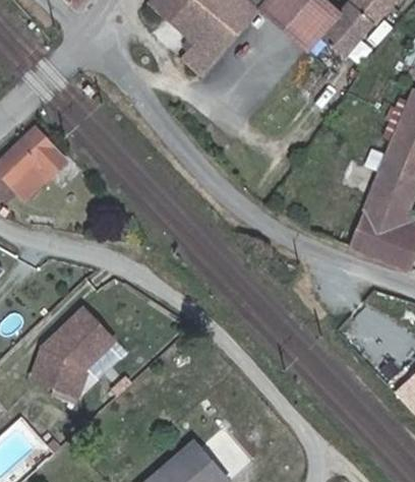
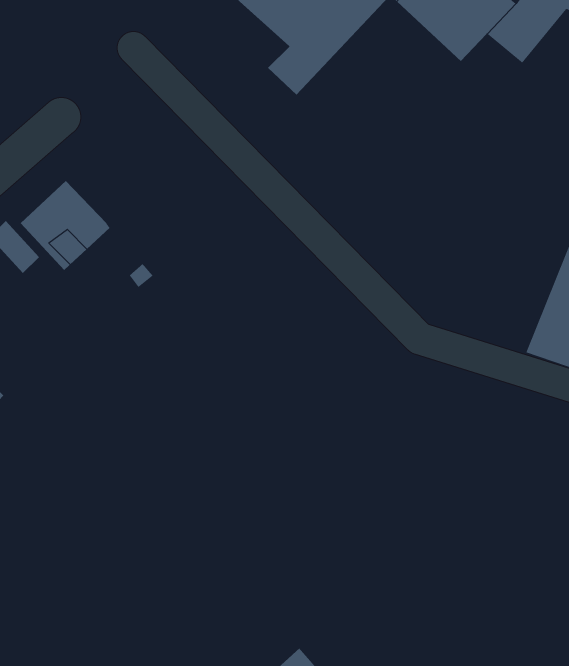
building: [28,311,108,399] -> none

